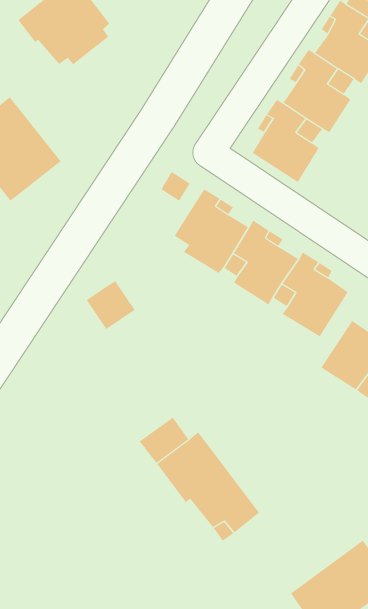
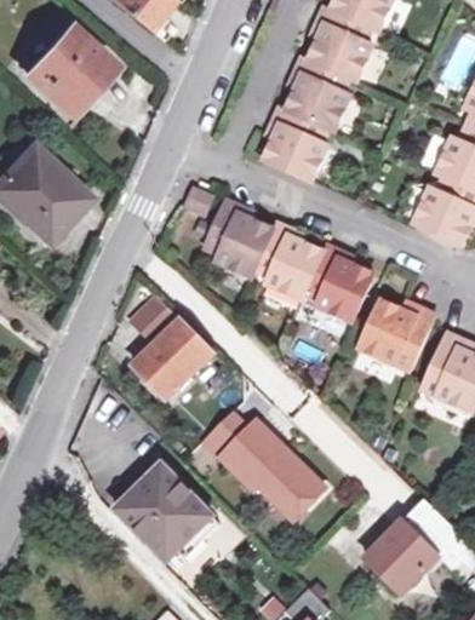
building: none -> [133,323,213,401]
building: none -> [118,466,213,562]

